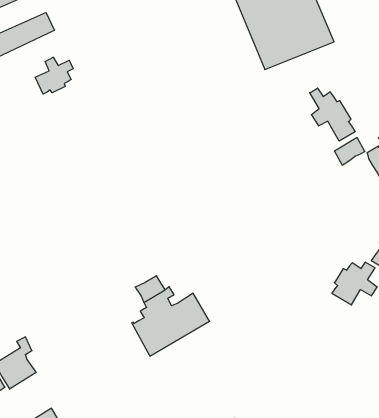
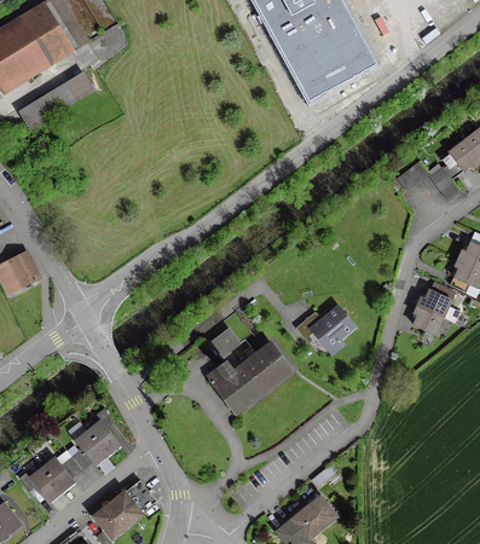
building: [35,57,73,94] -> none
building: [310,88,355,141] -> none
building: none -> [296,306,354,348]

